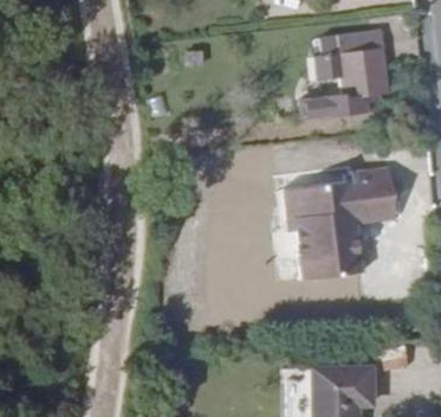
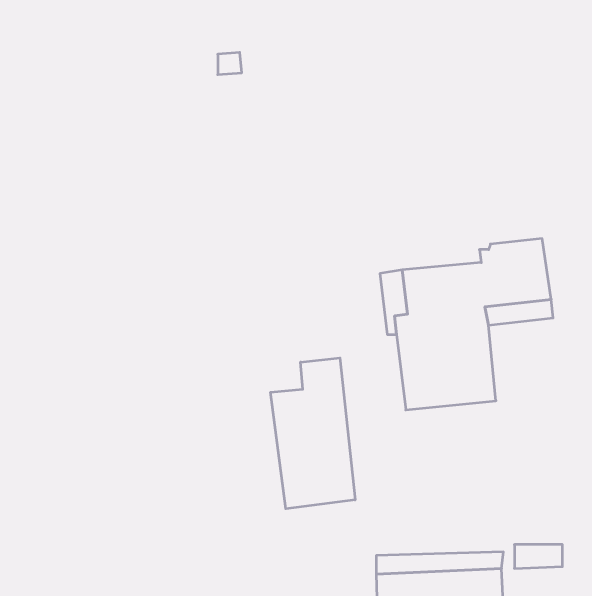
building: [305,28,390,117] -> none
building: none -> [271,358,355,509]

